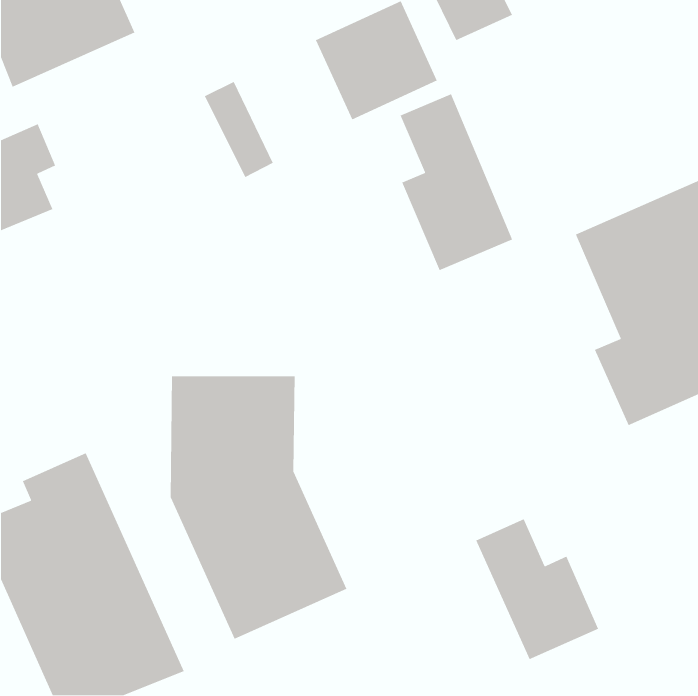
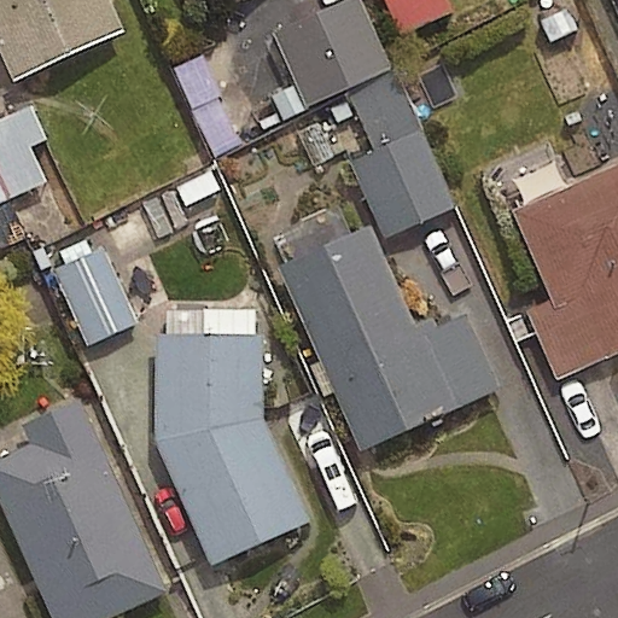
building: none -> [276,225,499,448]
building: none -> [57,251,139,346]
building: [475,518,599,660] -> none

